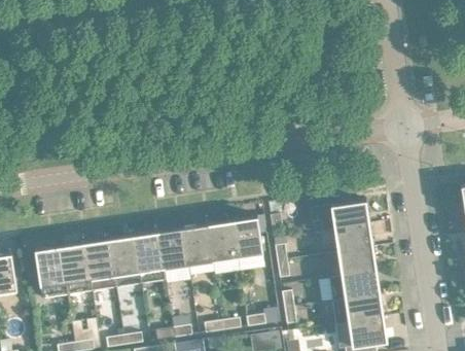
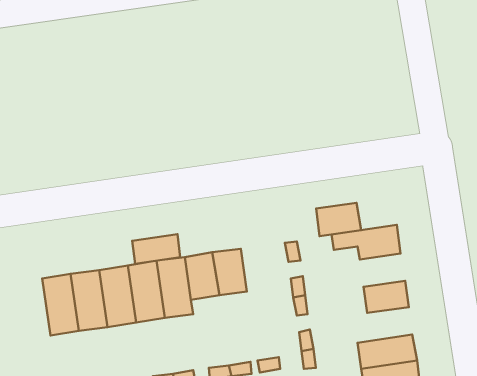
building: none -> [132,234,180,264]
building: [231,216,262,257] -> none
building: [334,224,373,253] -> [316,203,361,236]
building: [35,246,67,299] -> none
building: [328,271,380,302] -> none

